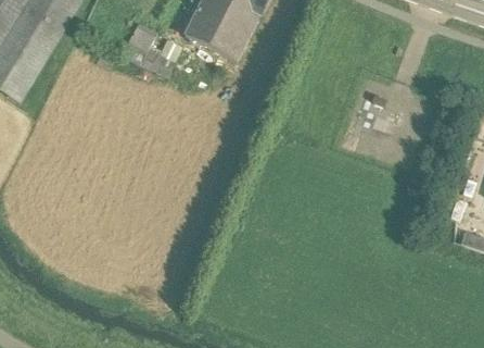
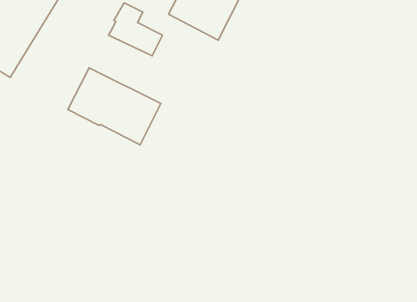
building: none -> [68,68,161,145]

